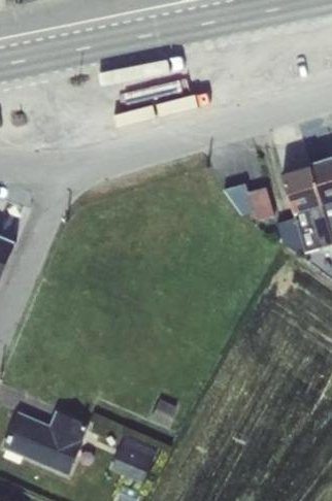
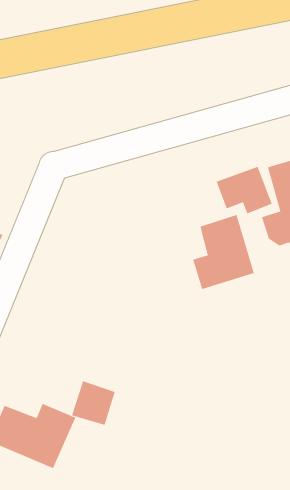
building: none -> [193,214,254,290]
building: [113,433,158,478] -> [71,380,115,426]

